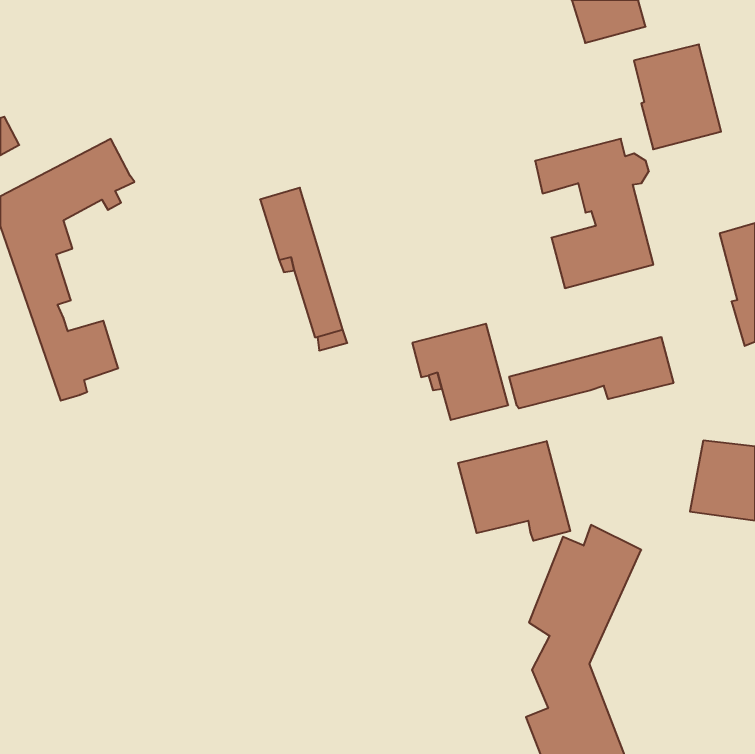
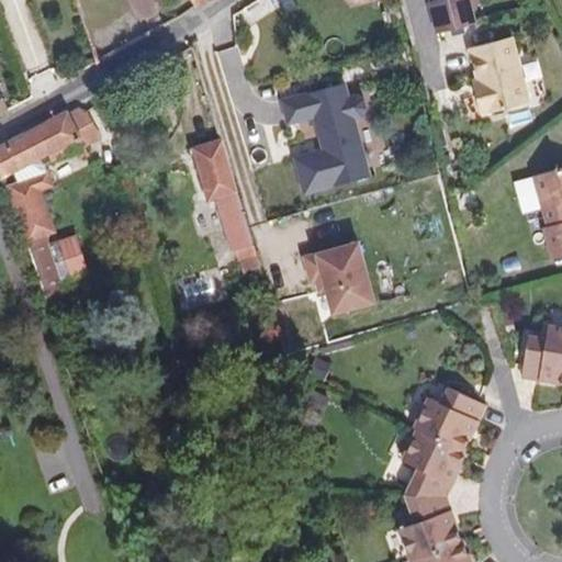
building: [535,139,653,288] -> [284,82,372,193]
building: [509,337,673,408] -> none
building: [458,441,570,541] -> none

